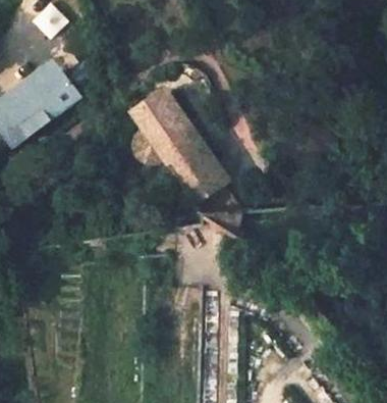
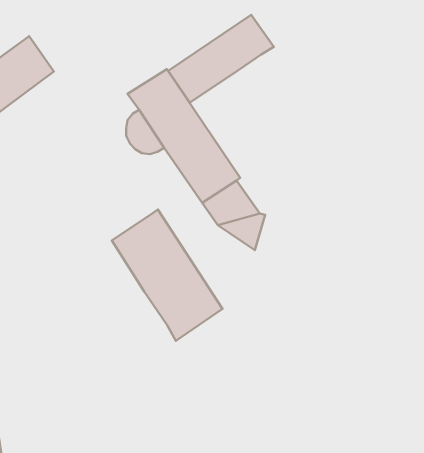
building: none -> [168,15,274,102]
building: none -> [112,210,223,341]

